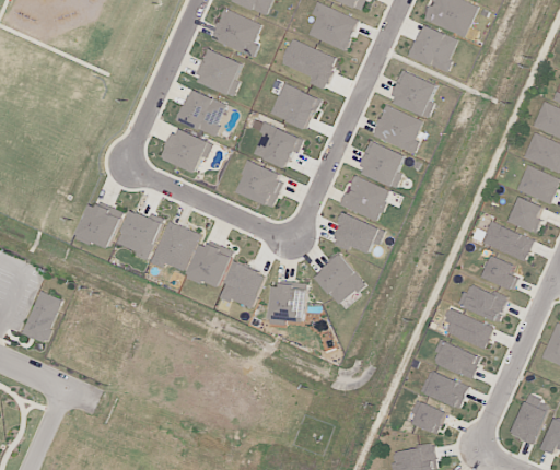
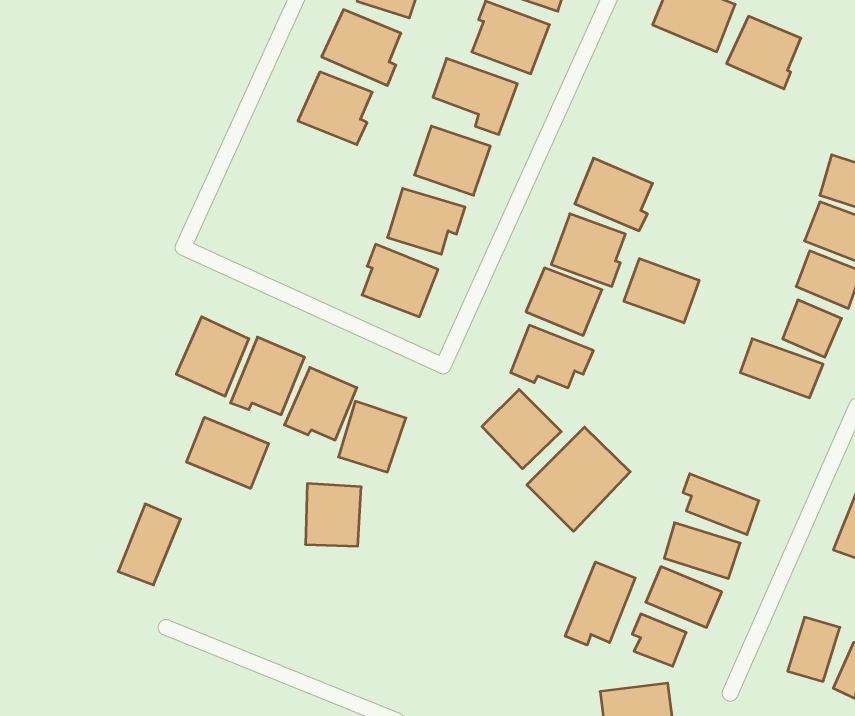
building: [409,25,457,72] -> [727,16,801,89]
building: [389,70,438,118] -> none
building: [177,90,226,136] -> none
building: [160,127,212,174] -> none
building: none -> [624,259,699,323]
building: [74,201,122,248] -> none
building: [481,256,517,291] -> none
building: none -> [187,417,268,488]
building: none -> [527,427,630,531]
building: [457,282,506,321] -> none
building: [269,283,305,324] -> [305,484,361,546]
building: [21,291,61,343] -> [118,504,181,585]
building: none -> [565,562,635,645]

